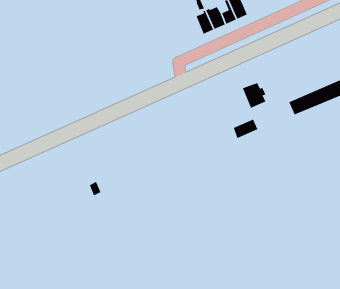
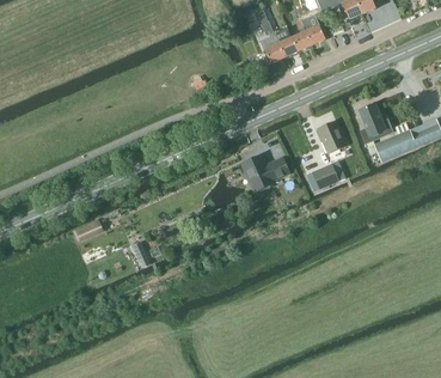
building: none -> [359,104,392,144]
building: none -> [241,154,288,191]

